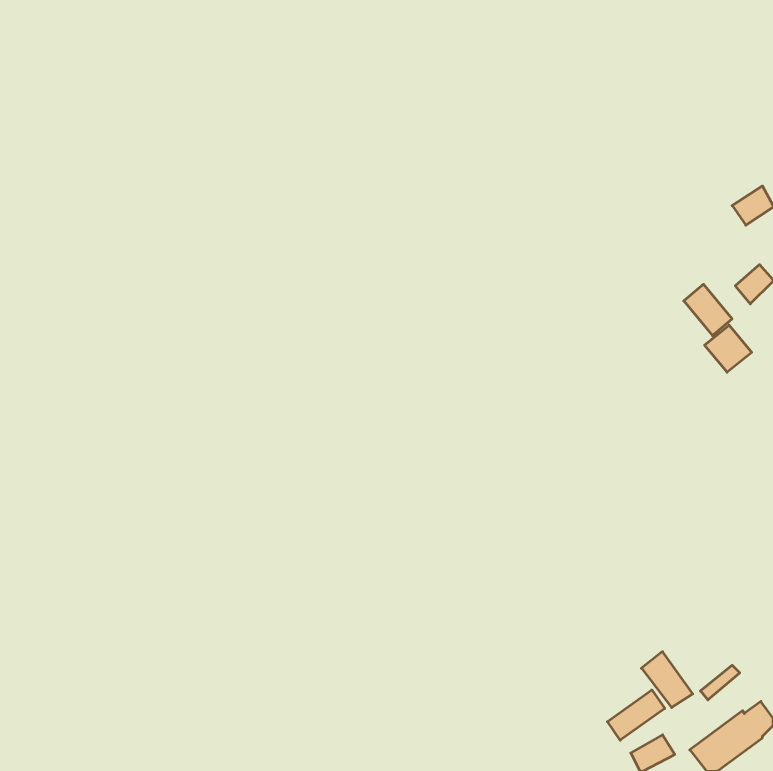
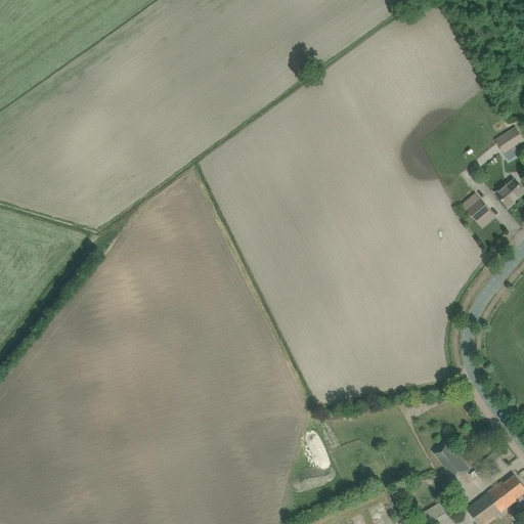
building: [705,325,752,372] -> none
building: [607,690,665,740] -> none

